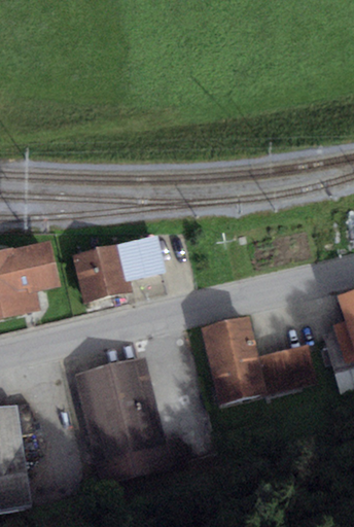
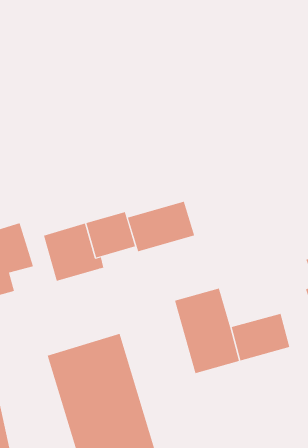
building: none -> [127,201,195,252]

